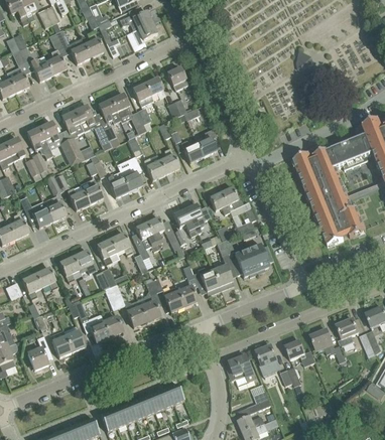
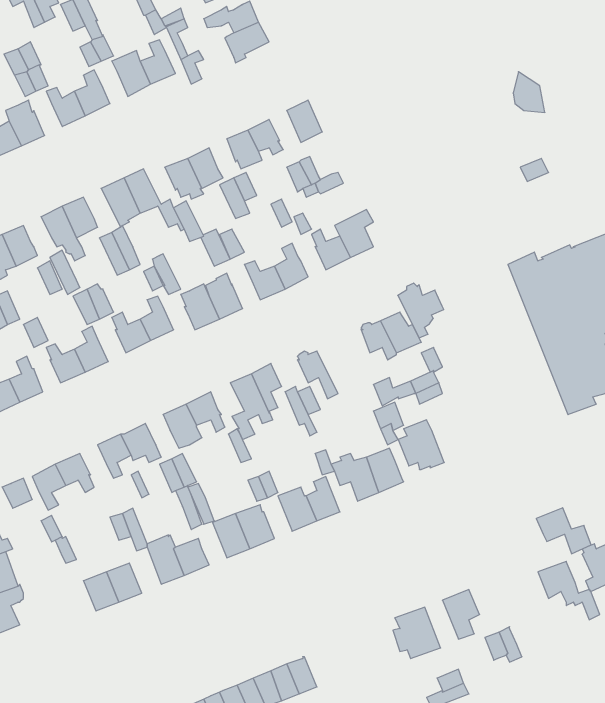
building: [184,201,211,233] -> [398,283,444,338]
building: [247,243,273,272] -> none
building: [27,331,52,369] -> none
building: [284,339,315,365] -> [536,508,591,554]

